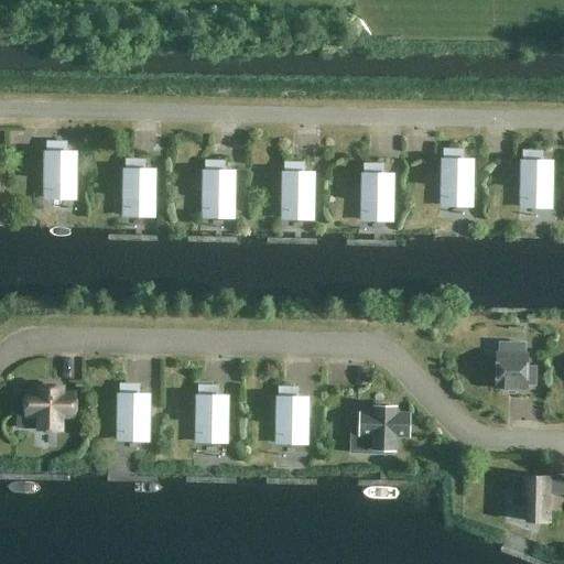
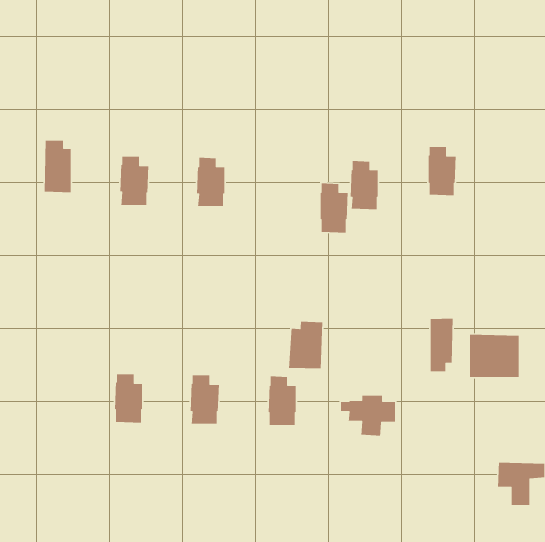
building: [520,158,551,208] -> none
building: [283,166,313,219] -> [320,182,349,234]
building: none -> [430,318,453,372]
building: none -> [288,321,323,369]
building: [15,389,76,435] -> none

